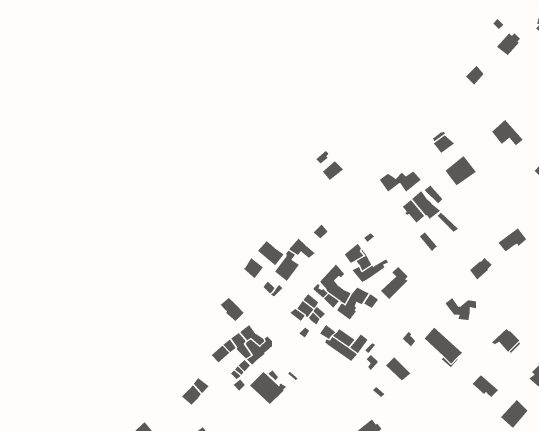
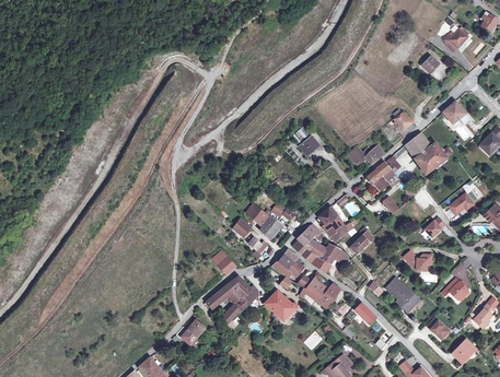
building: none -> [414,143,451,174]
building: [249,371,287,405] -> [266,292,298,320]

